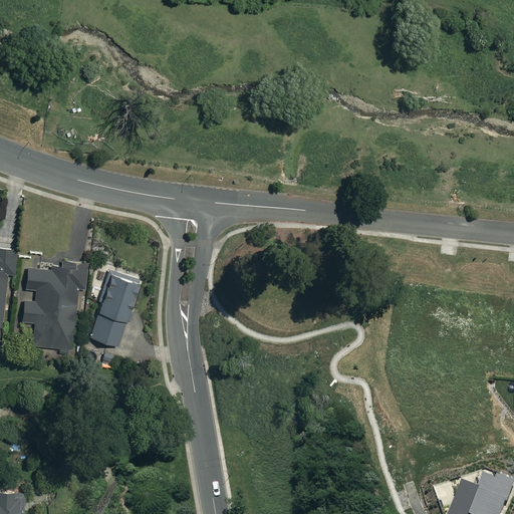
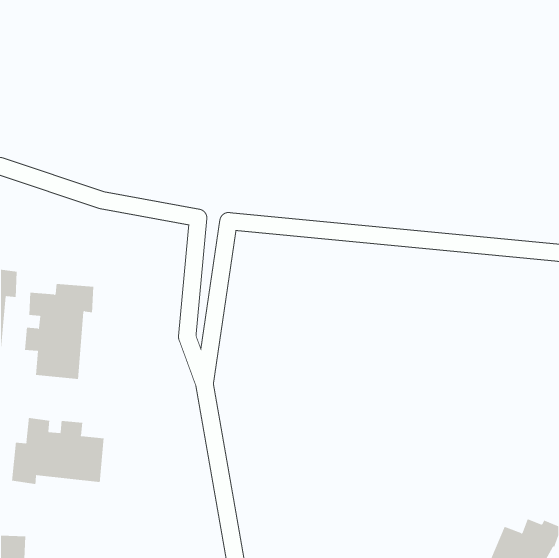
building: [90,272,140,346] -> none
building: none -> [12,417,104,485]

